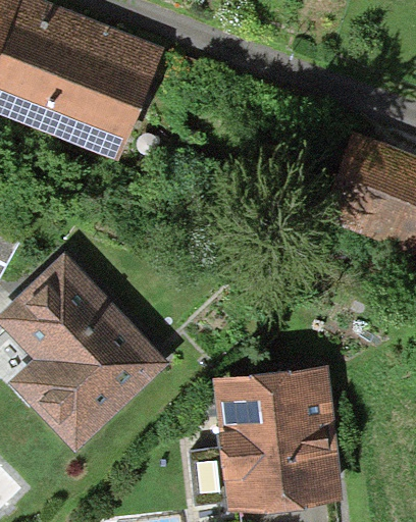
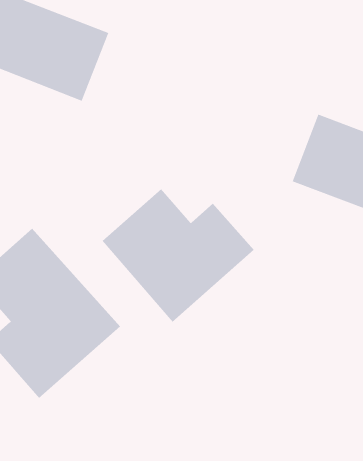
building: none -> [102,189,255,323]
building: [221,370,332,495] -> none

